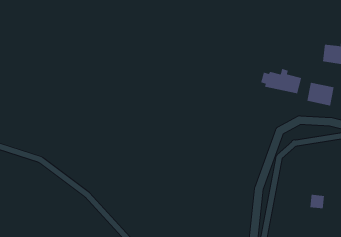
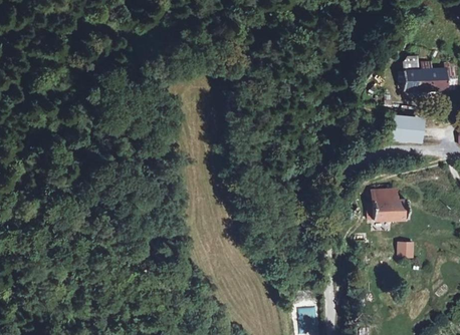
building: [261,68,302,94] -> none
building: none -> [373,193,407,222]

